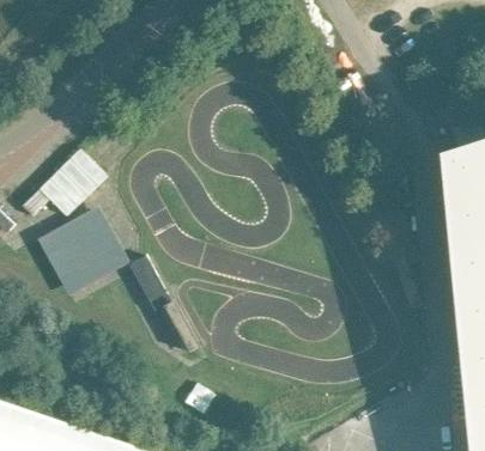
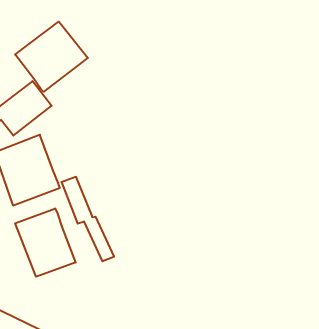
building: none -> [15,22,88,92]
building: none -> [15,208,76,277]

